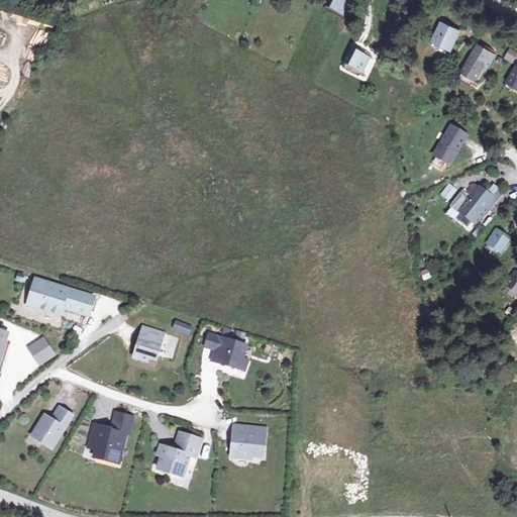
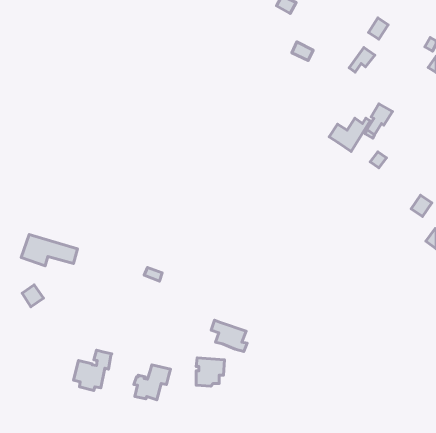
building: [463,46,494,76] -> [349,47,375,72]
building: [450,193,499,232] -> [329,118,370,151]
building: [136,327,166,361] -> none
building: [207,331,249,369] -> [211,320,247,352]
building: [30,402,71,442] -> none

